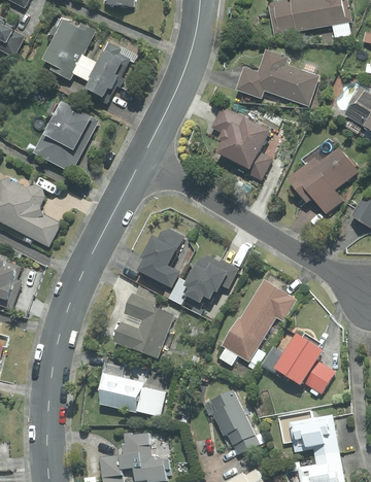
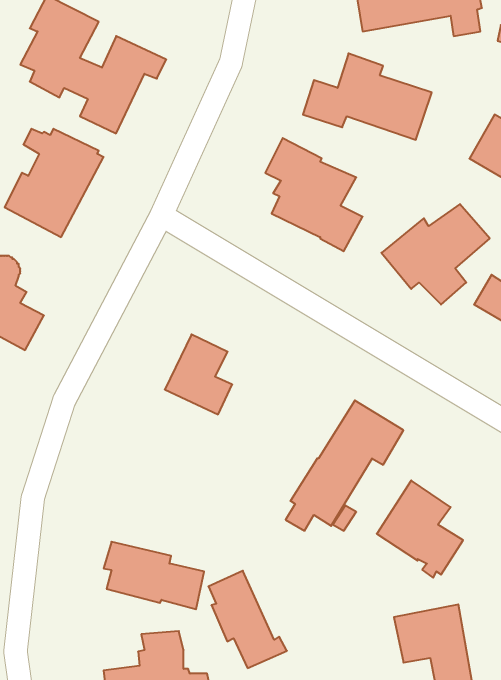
building: [179,249,239,304] -> none
building: [116,292,176,358] -> none
building: [212,389,264,453] -> [208,571,287,668]

